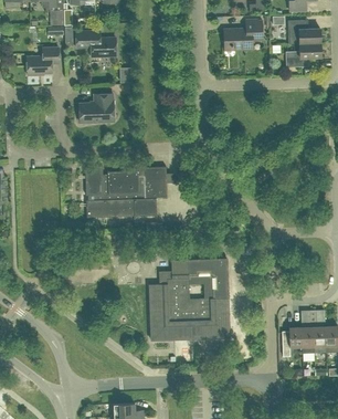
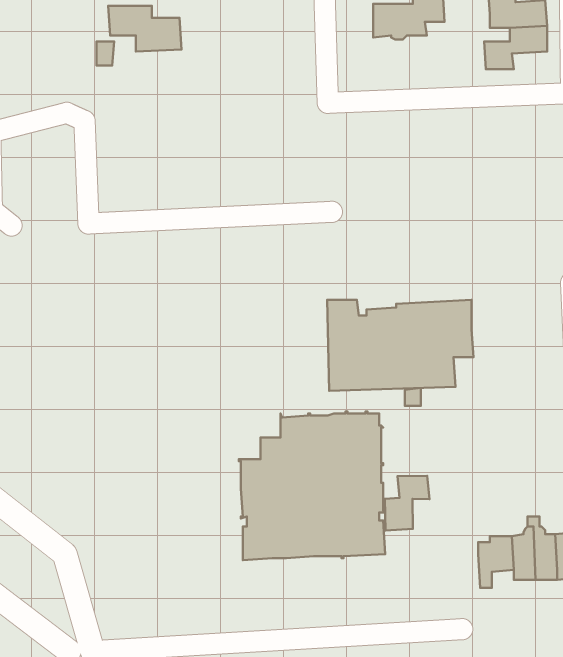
building: [27,46,59,75] -> none
building: [78,93,113,122] -> none
building: [85,166,167,217] -> [327,300,473,391]
building: none -> [385,476,429,531]

